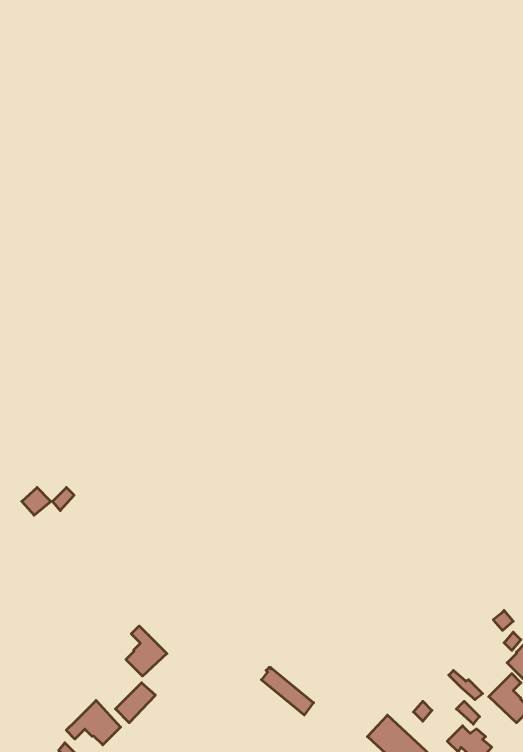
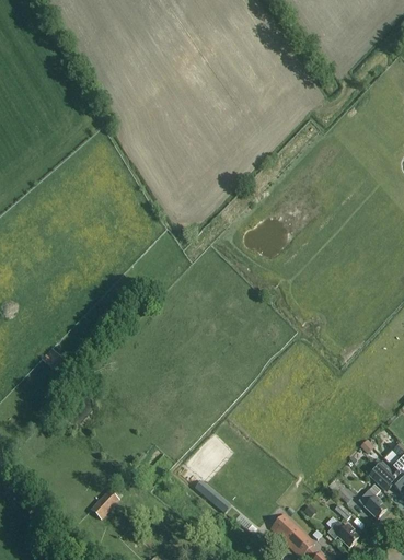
building: [126,626,167,676] -> none
building: [66,700,121,745] -> none

